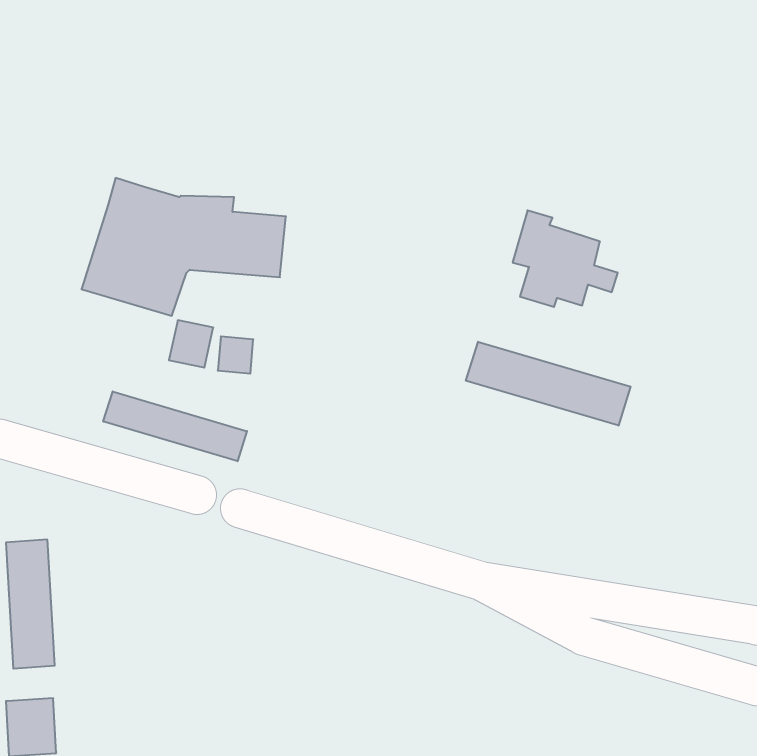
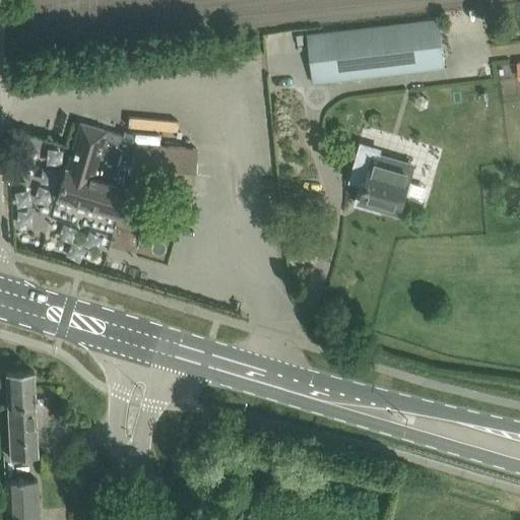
building: none -> [308,19,444,84]
building: [466,342,631,426] -> none
building: [103,391,247,461] -> none

